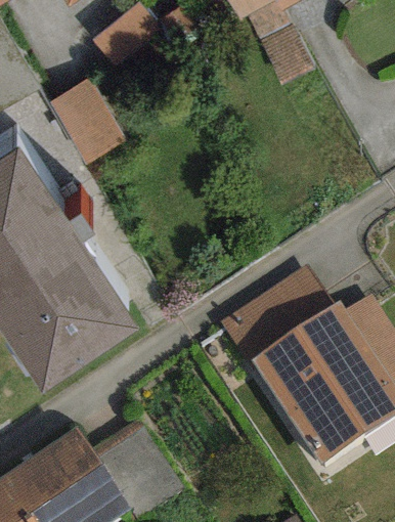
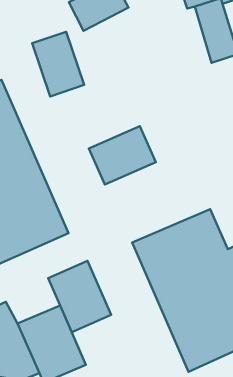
building: none -> [89,126,156,185]
building: none -> [48,261,111,332]

